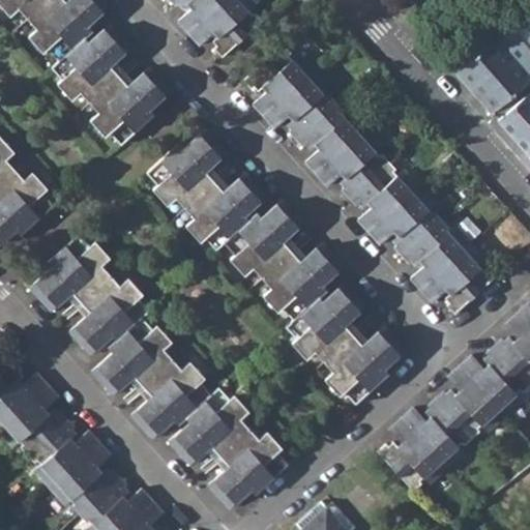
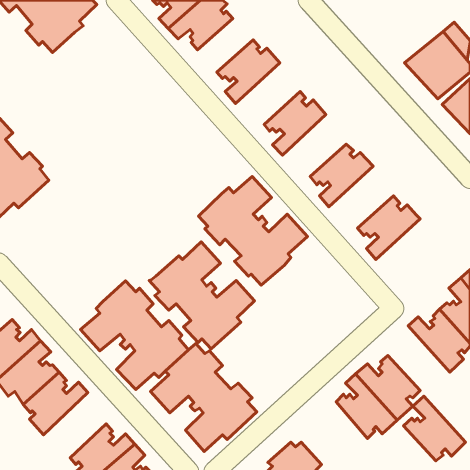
building: [51,25,172,145] -> none
building: [264,72,336,142] -> none
building: [146,128,266,251] -> none
building: [317,130,388,200] -> none
building: [369,188,441,258] -> none
building: [29,233,150,354] -> none
building: [421,247,494,318] -> none
building: [286,284,404,404] -> [149,242,255,349]
building: [435,367,504,440] -> [404,396,465,461]
building: [49,442,119,516] -> none

